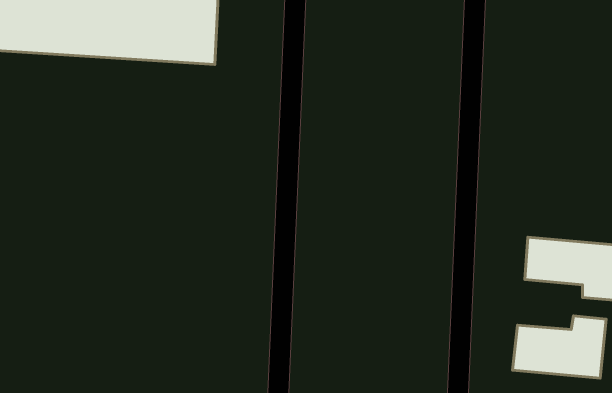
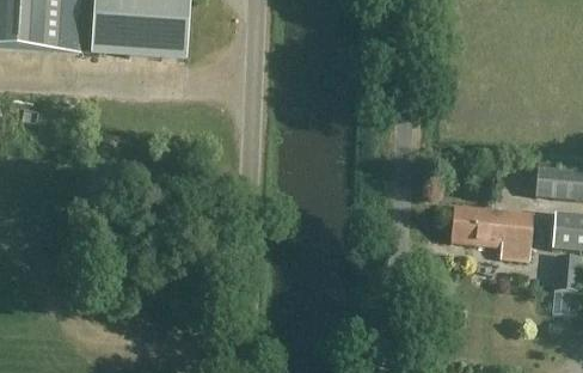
building: [513,316,606,378] -> none

